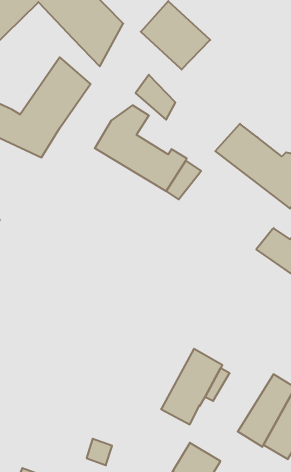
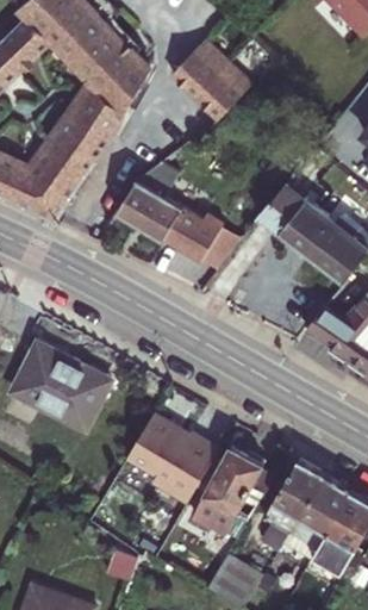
building: [136,75,175,120] -> [75,83,121,136]
building: none -> [11,342,107,429]
building: none -> [126,412,219,502]
building: none -> [261,459,324,549]

